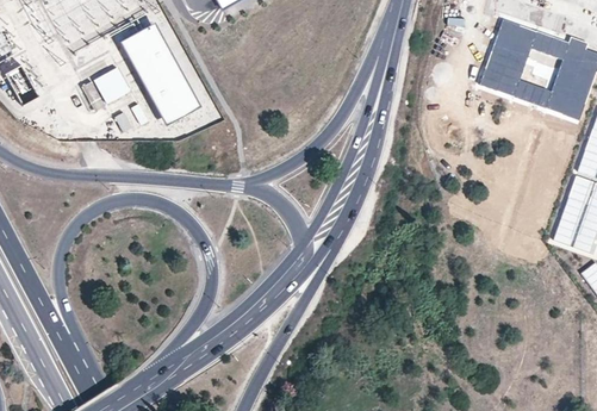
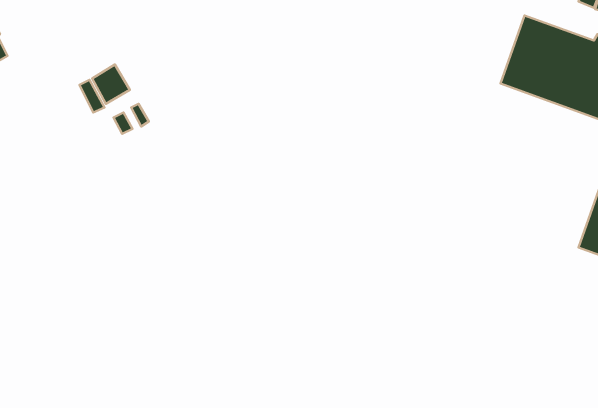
building: [119,20,199,123] -> none

